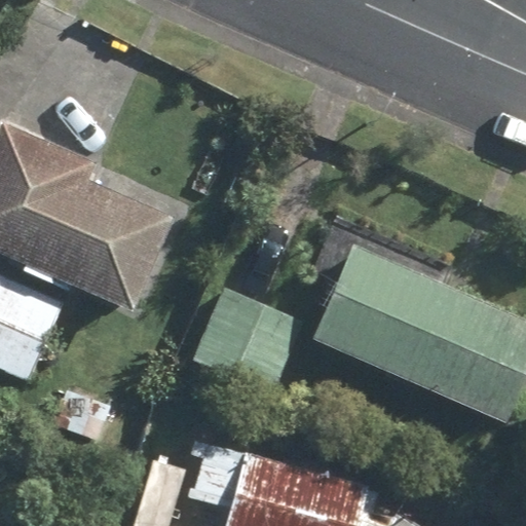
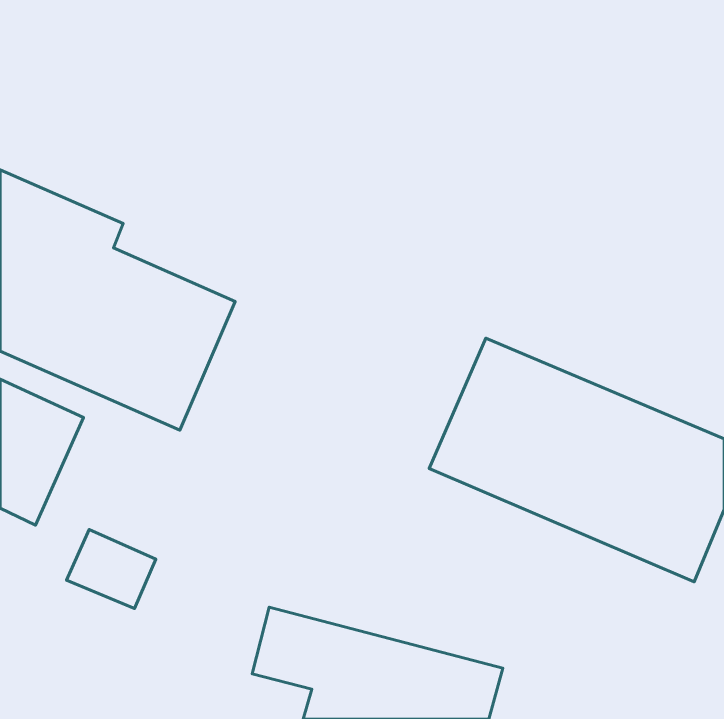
building: [192,287,302,394] -> none

